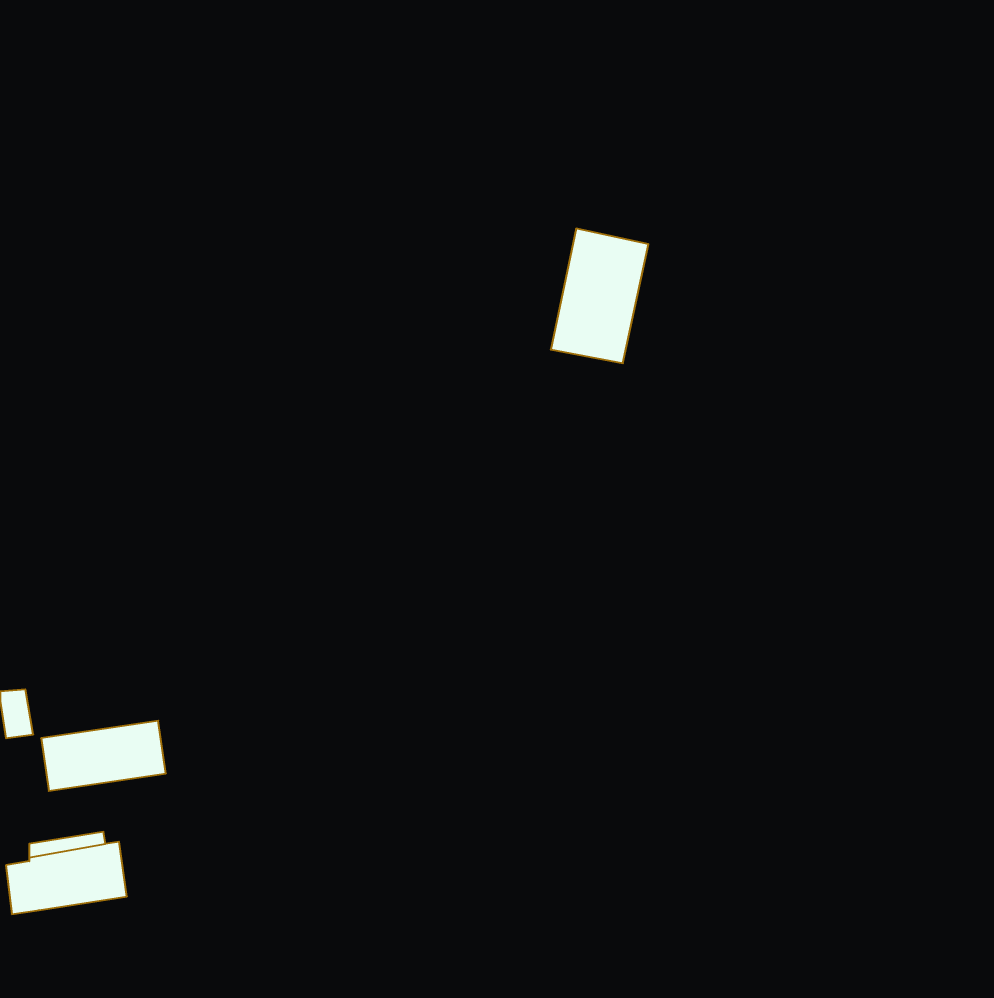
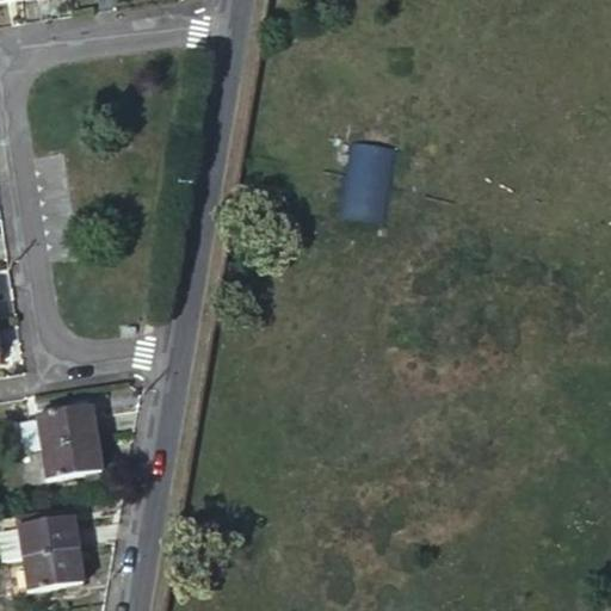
building: none -> [24,408,99,451]
building: none -> [26,548,84,588]

